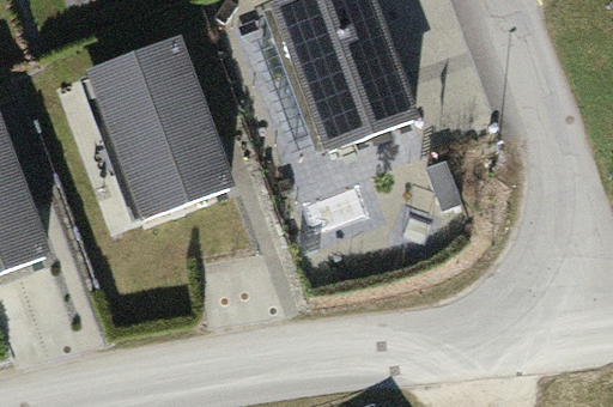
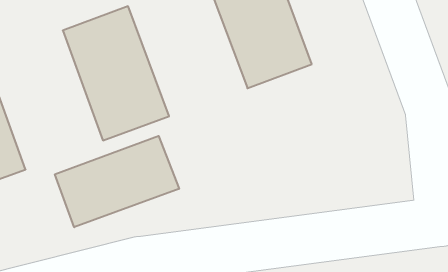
building: none -> [55,136,179,227]

